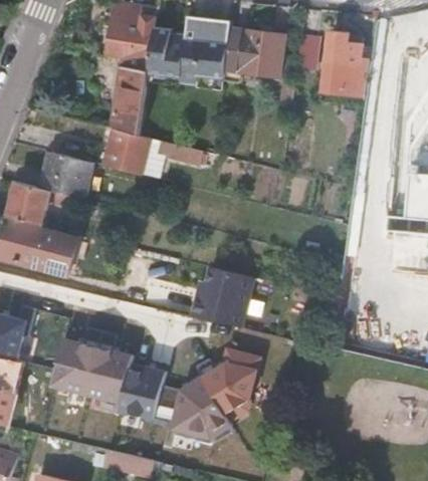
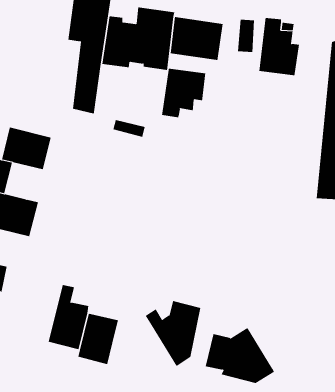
building: none -> [161,68,206,118]
building: [104,132,150,177] -> none
building: [191,266,252,325] -> none
building: [51,324,101,393] -> none
building: [153,375,231,438] -> [205,327,275,384]

